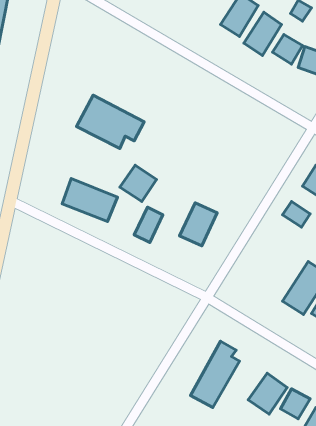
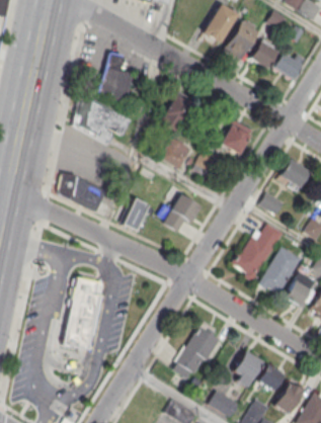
building: none -> [99,53,134,102]
building: none -> [161,95,193,134]
building: none -> [219,119,254,157]
building: [120,165,156,202] -> [159,138,192,171]
building: none -> [235,221,284,280]
building: none -> [65,277,103,350]

